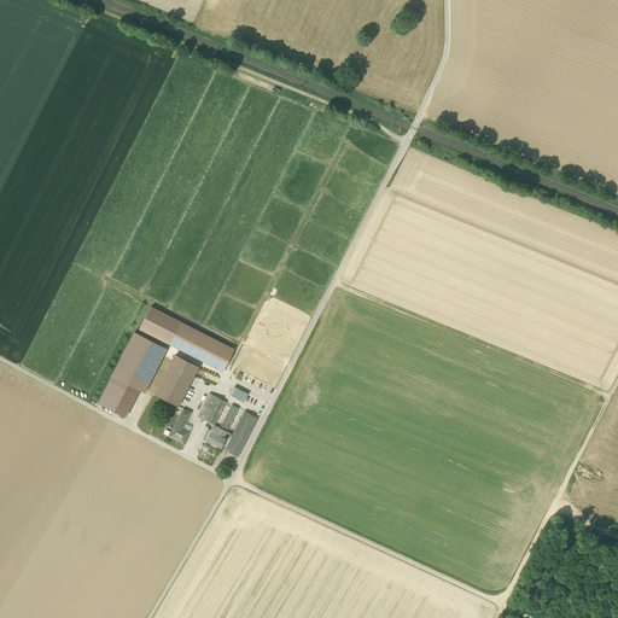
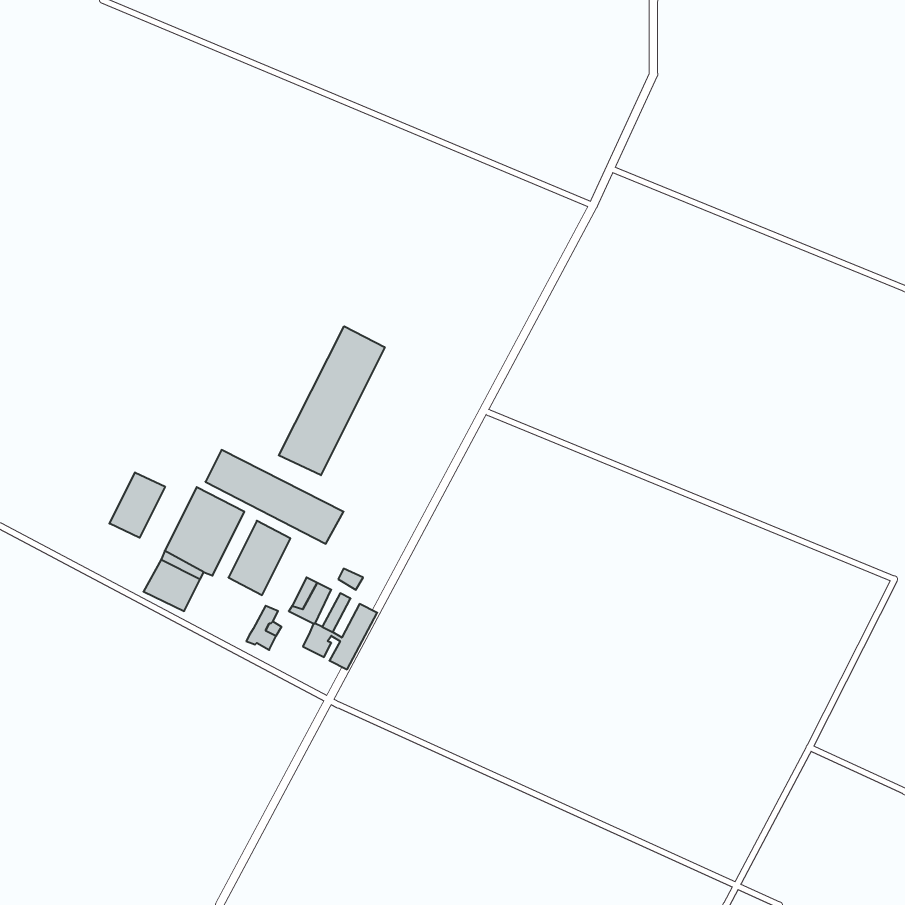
building: none -> [279,326,385,475]
building: none -> [109,472,165,538]

